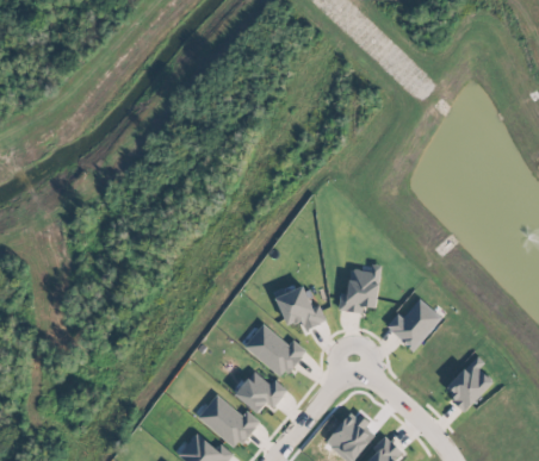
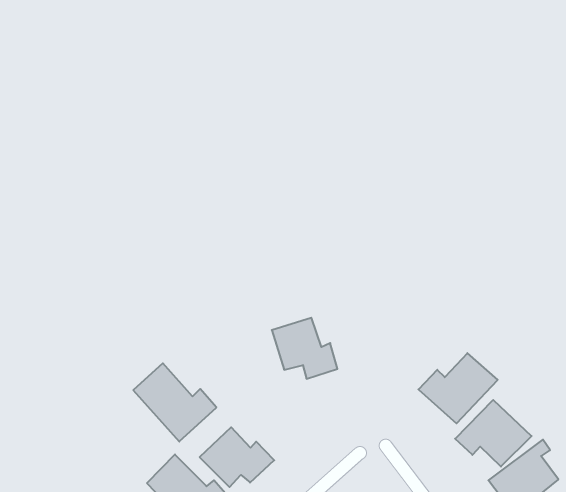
building: [337,264,378,312] -> none
building: [243,324,304,379] -> [133,363,216,442]
building: none -> [455,400,532,467]

